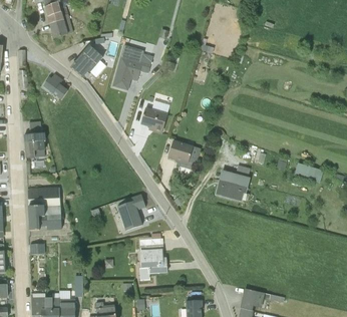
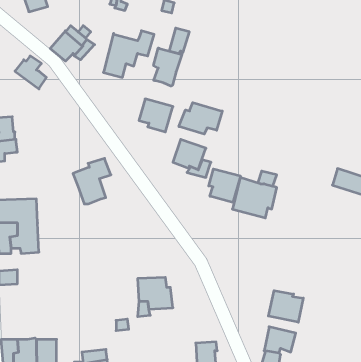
building: none -> [154,48,182,86]
building: none -> [179,103,222,134]
building: none -> [209,169,240,202]
building: [116,193,146,229] -> [73,158,111,204]
building: none -> [268,291,303,322]

